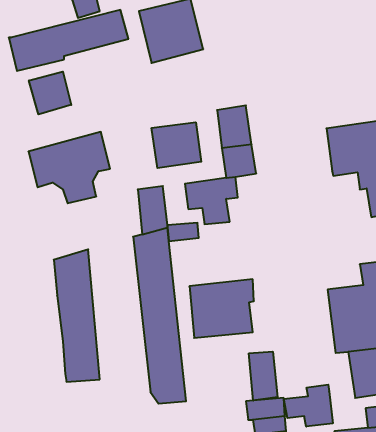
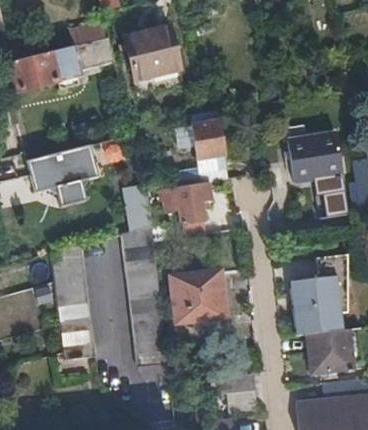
building: [29,72,71,114] -> none
building: [152,122,201,168] -> none
building: [249,352,278,401] -> none
building: [284,385,333,427] -> none

